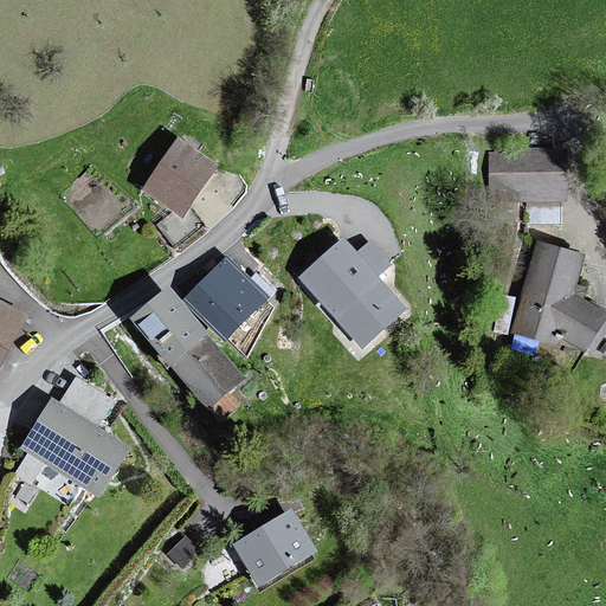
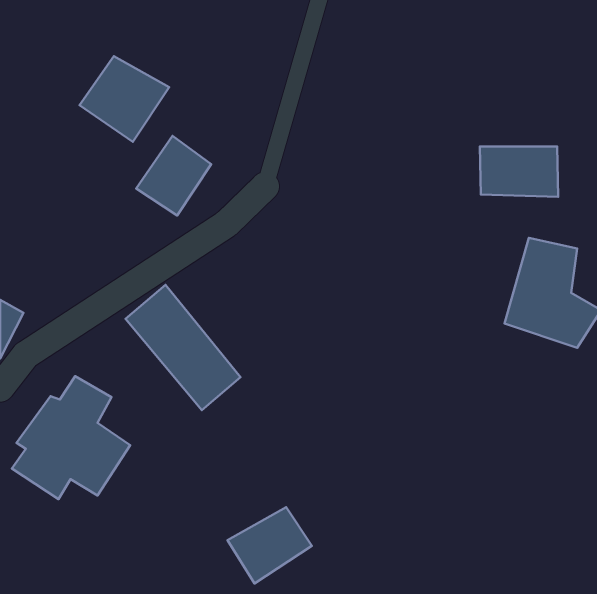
building: none -> [80,56,169,142]
building: [298,236,408,347] -> none
building: [187,257,271,342] -> none

